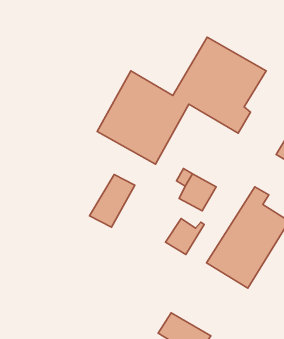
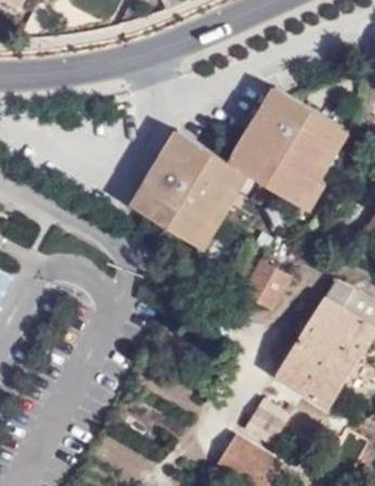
building: [90,174,135,227] -> none
building: [165,219,204,255] -> [243,397,291,442]

